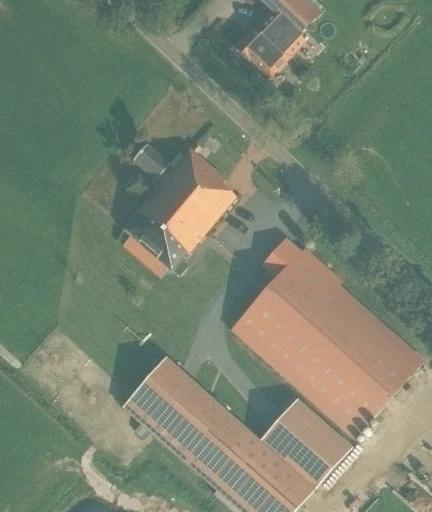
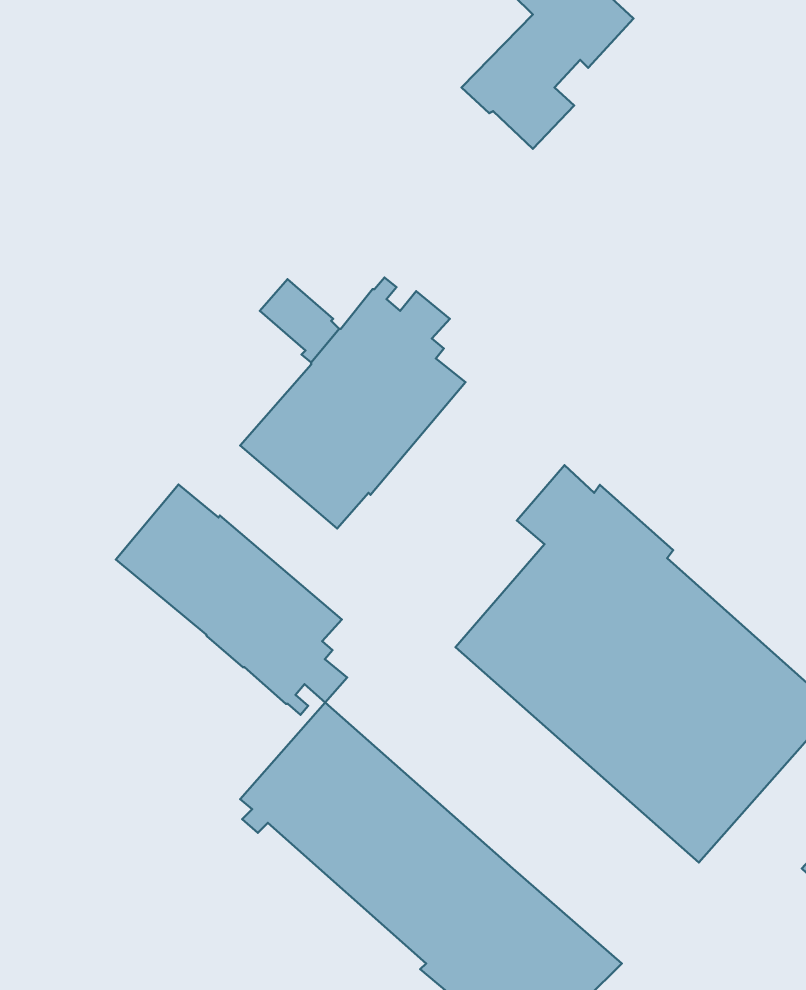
building: none -> [116,485,347,715]
building: [261,398,354,489] -> none

